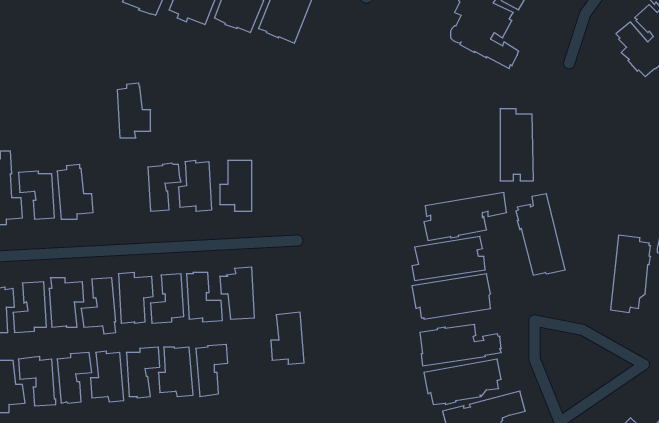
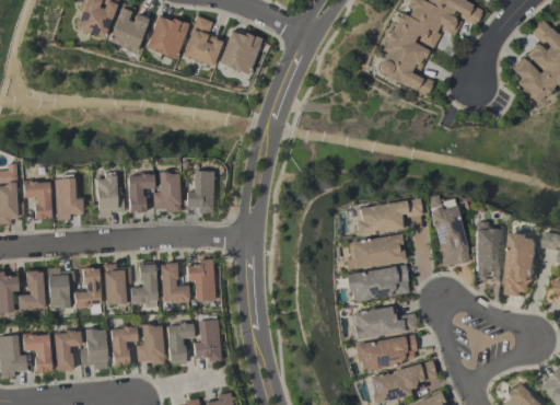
building: [117,83,151,138] -> [96,172,124,217]
building: [500,109,533,181] -> [476,221,503,280]
building: [271,312,304,364] -> [194,319,221,361]

